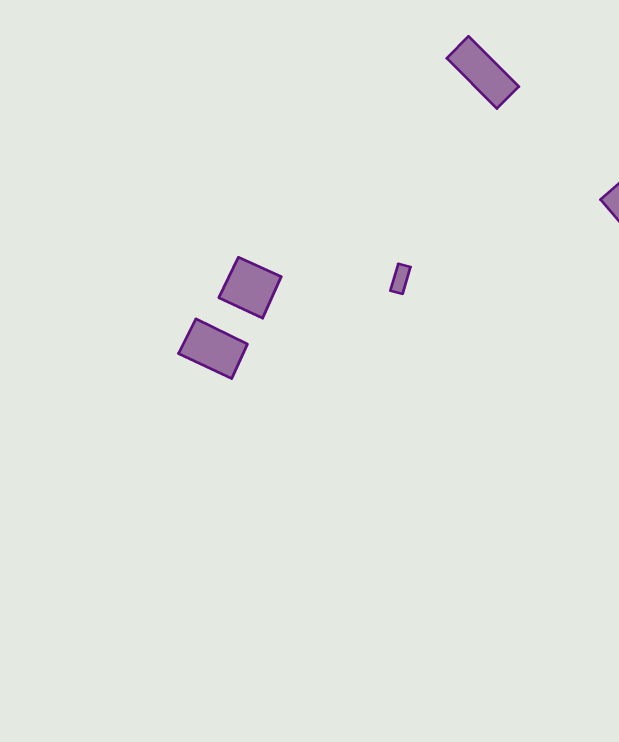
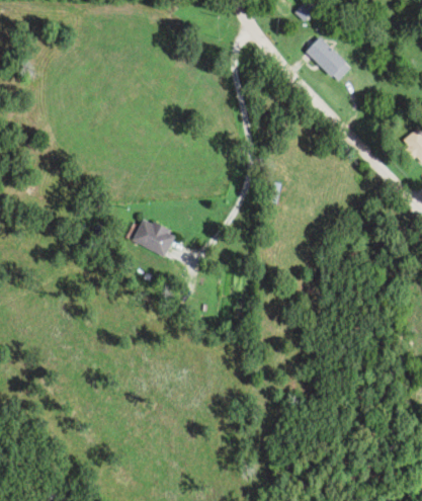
building: [219,257,281,318] -> none

